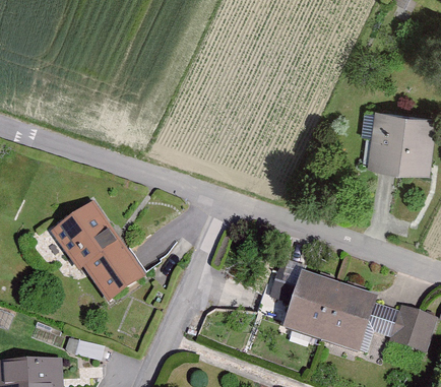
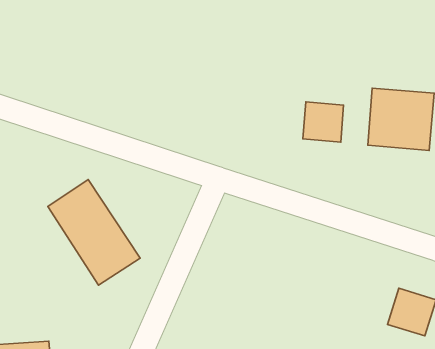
building: none -> [303,102,344,142]
building: [284,270,382,353] -> none

